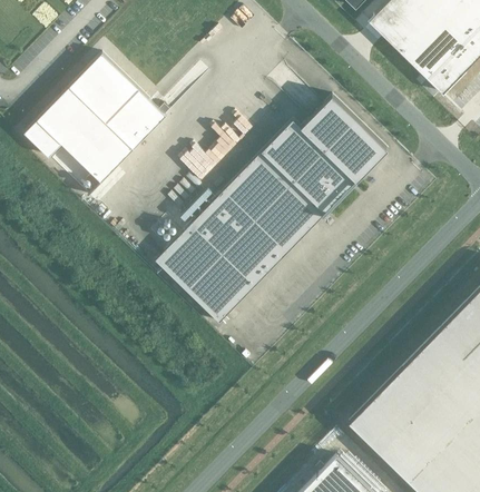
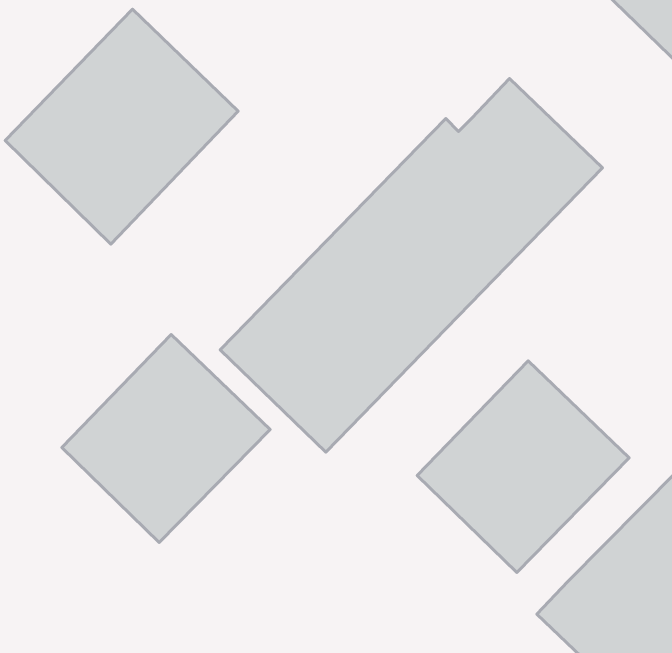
building: none -> [62,334,270,543]
building: none -> [417,361,629,573]

